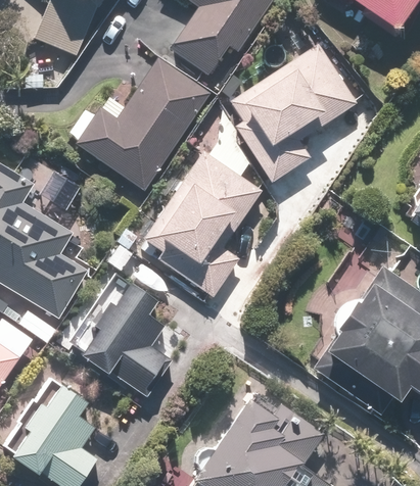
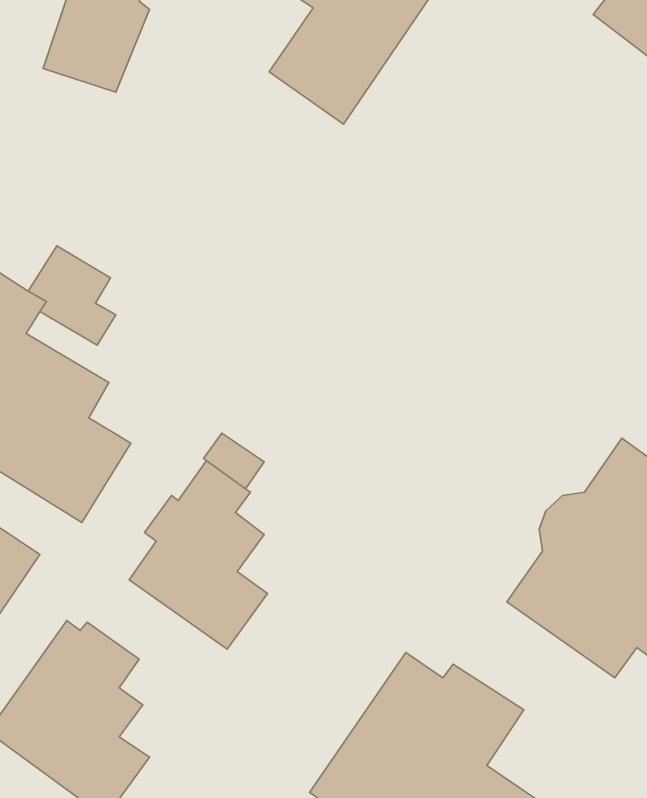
building: [223,45,358,184] -> none
building: [77,61,207,190] -> none
building: [148,139,262,297] -> none

